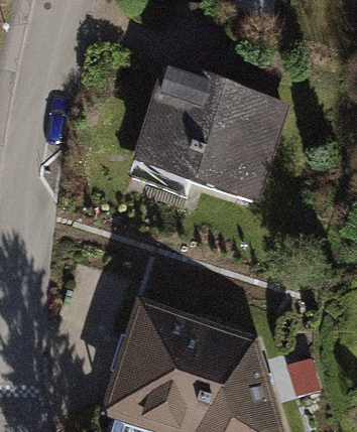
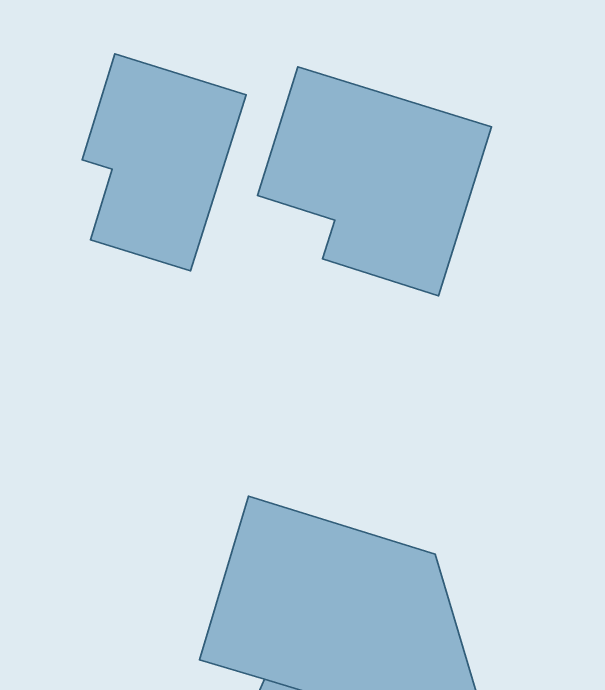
building: none -> [82,54,246,271]

